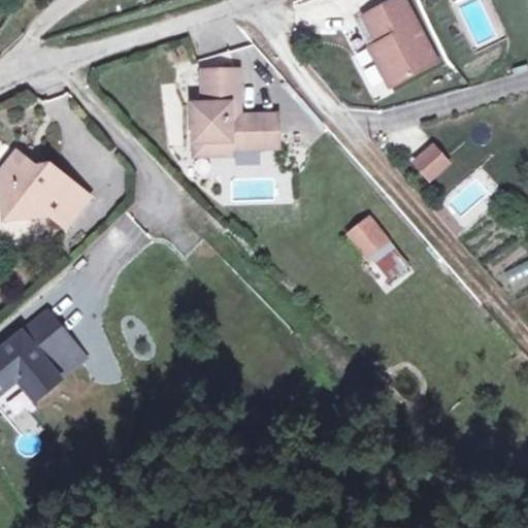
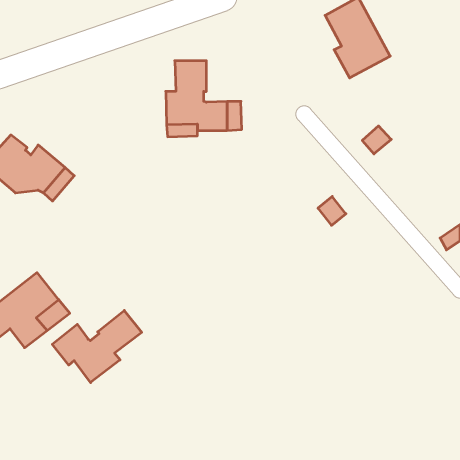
building: none -> [52,310,142,383]

